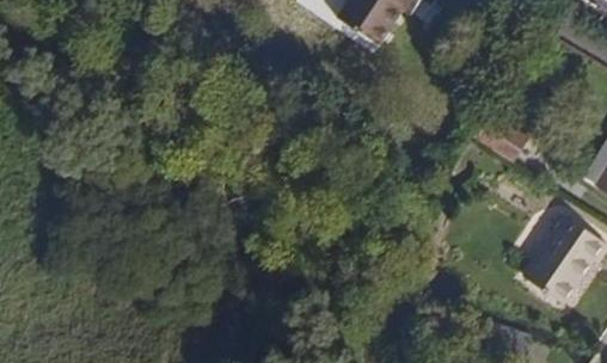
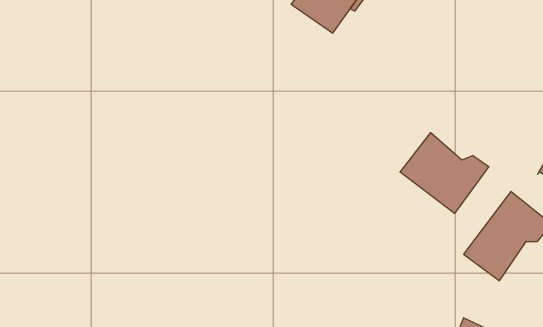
building: none -> [400,133,489,214]

